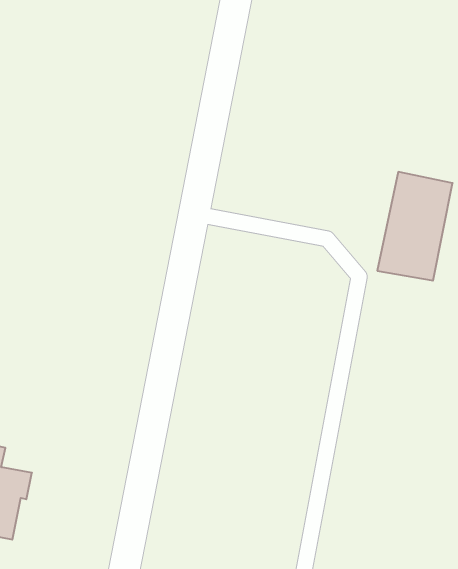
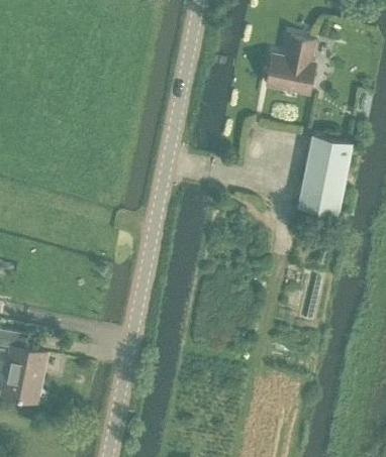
building: none -> [267,36,315,93]

